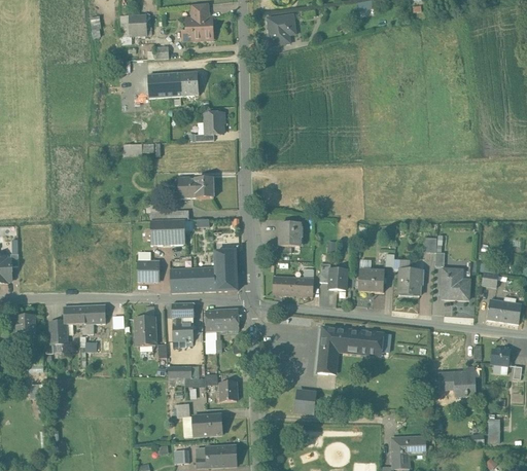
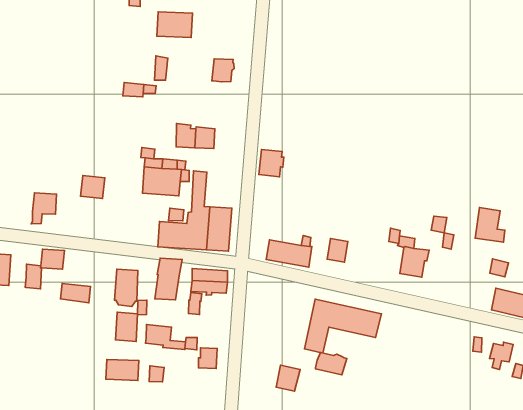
building: [180,72,199,96] -> none
building: [280,222,302,246] -> [259,149,284,177]
building: [138,261,159,281] -> [81,175,105,199]
building: [359,269,384,292] -> none
building: [442,269,468,299] -> [475,207,505,242]
building: [84,304,106,334] -> [31,193,56,224]
building: none -> [116,312,138,342]
building: [436,368,475,397] -> none
building: none -> [315,353,347,375]
building: [191,415,222,436] -> [106,359,139,380]

